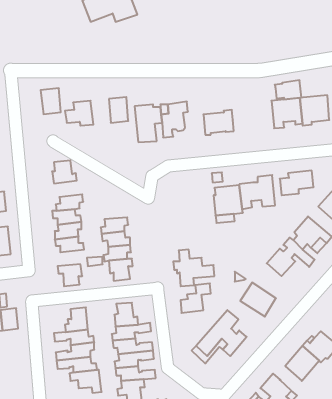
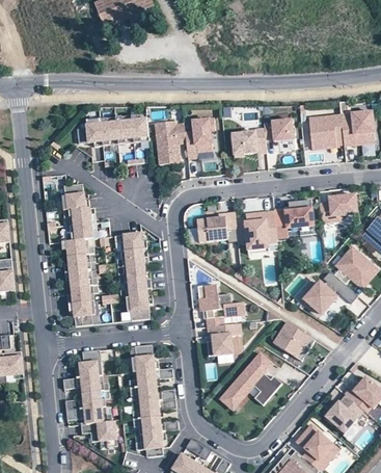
building: [275,80,301,99] -> [264,116,294,138]
building: [41,88,61,114] -> [105,113,128,142]
building: none -> [63,206,96,225]
building: none -> [196,212,236,242]
building: none -> [114,233,146,249]
building: none -> [67,284,99,303]

